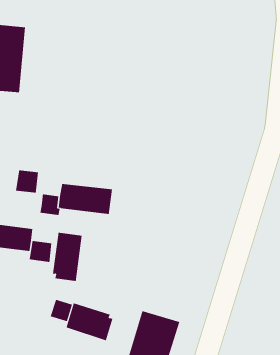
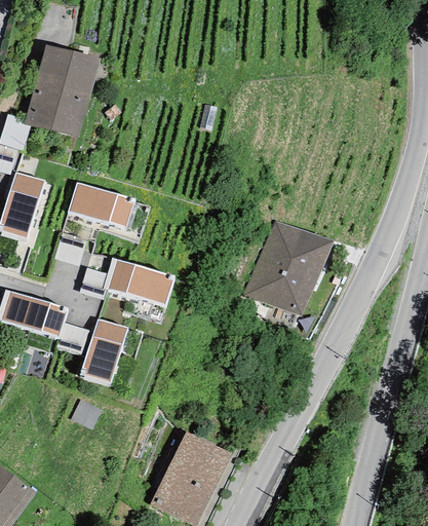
building: none -> [69,182,134,227]
building: none -> [244,219,332,317]
building: [66,303,113,341] -> none

